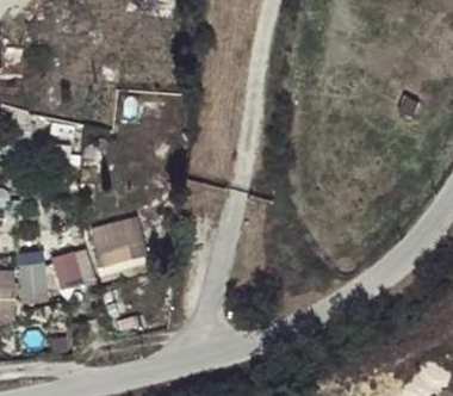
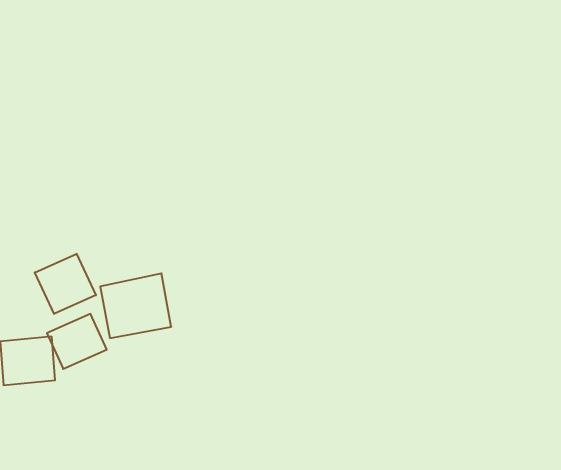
building: none -> [35,254,96,314]

